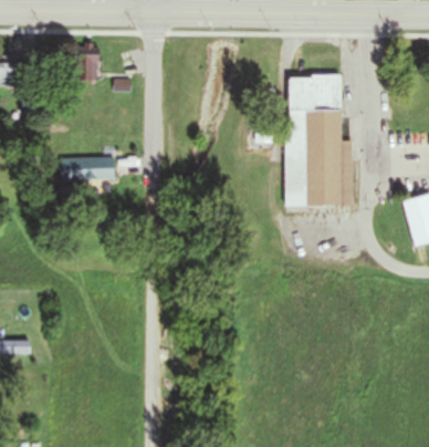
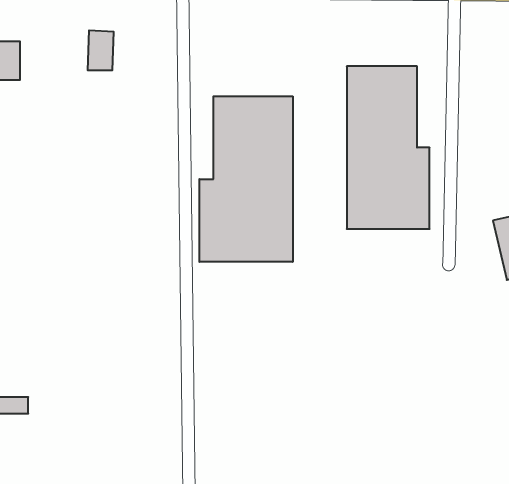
building: none -> [199,96,293,262]
building: [61,156,114,180] -> none

